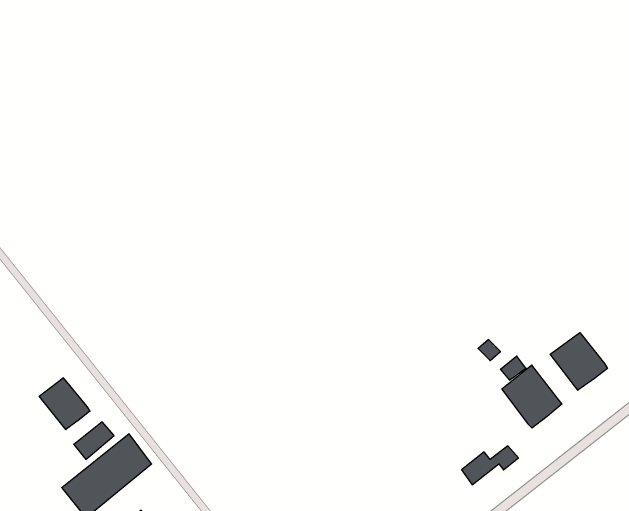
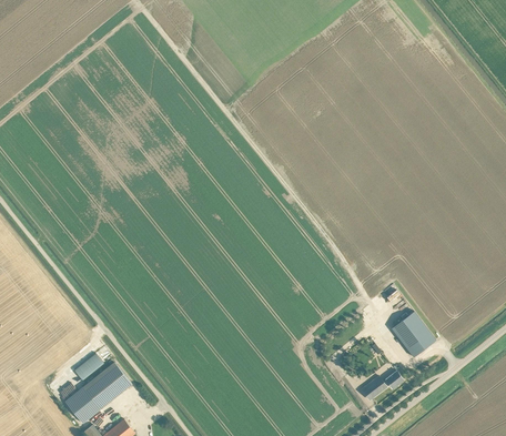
building: [550,333,607,390] -> none
building: [39,378,90,430] -> none

